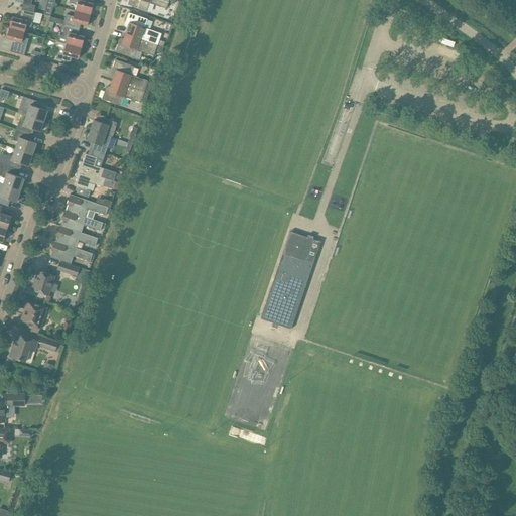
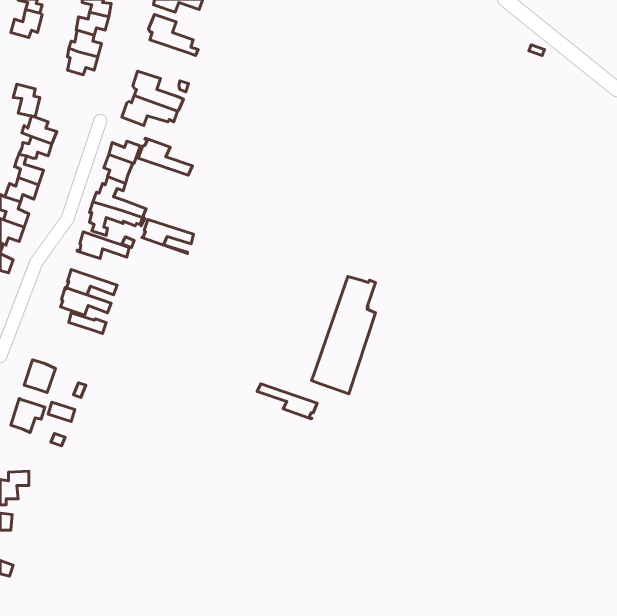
building: [6,27,28,54] -> [13,84,40,117]
building: [115,33,158,57] -> none
building: none -> [138,138,192,175]
building: [59,210,103,238] -> [142,220,194,253]
building: [31,270,55,295] -> none
building: none -> [257,384,317,419]

